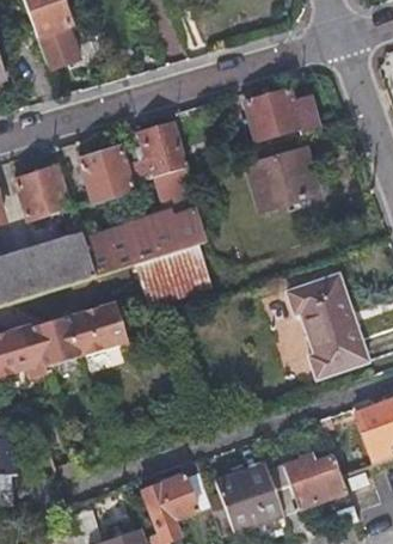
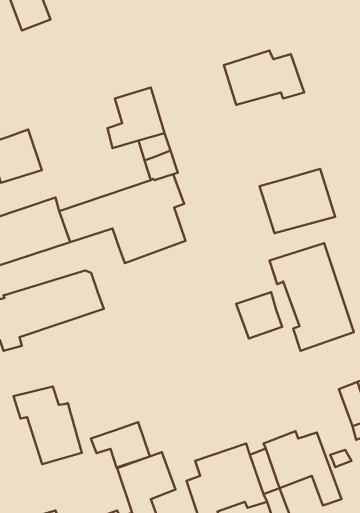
building: [244,148,317,210] -> [260,169,335,233]
building: [81,149,134,201] -> none
building: none -> [236,292,282,339]
building: none -> [14,387,82,464]
building: none -> [91,422,150,467]

